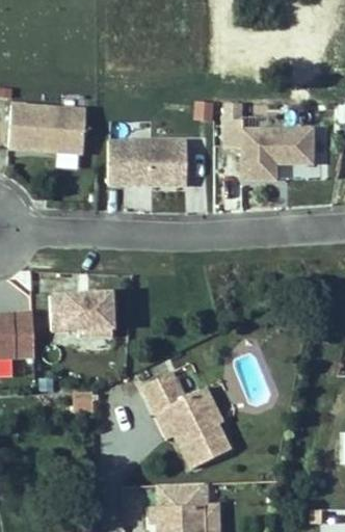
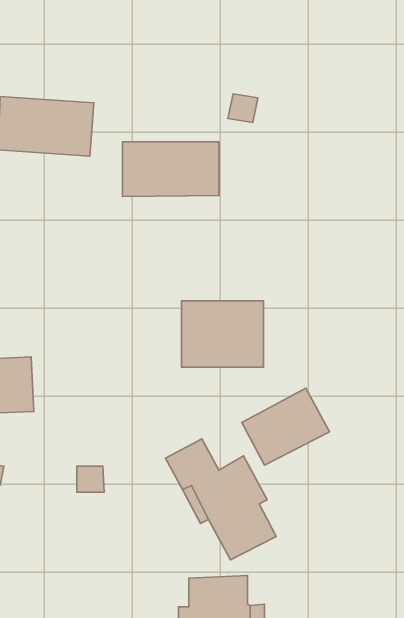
building: [225,116,313,176] -> none
building: [49,293,114,346] -> [181,301,263,367]
building: none -> [242,388,329,465]

